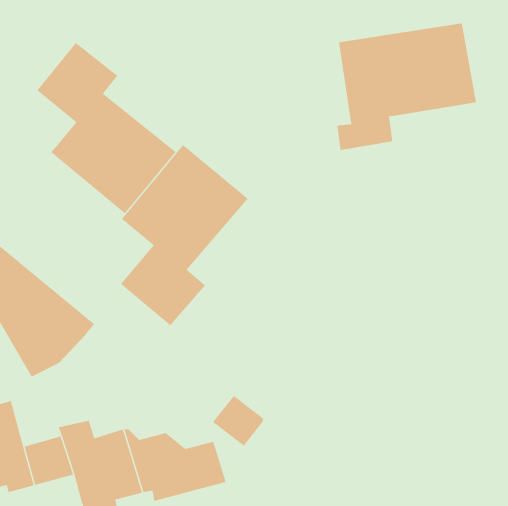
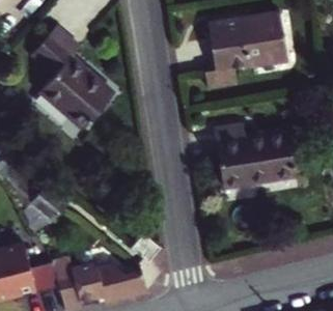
building: [120,144,249,326] -> none
building: none -> [220,131,300,195]

